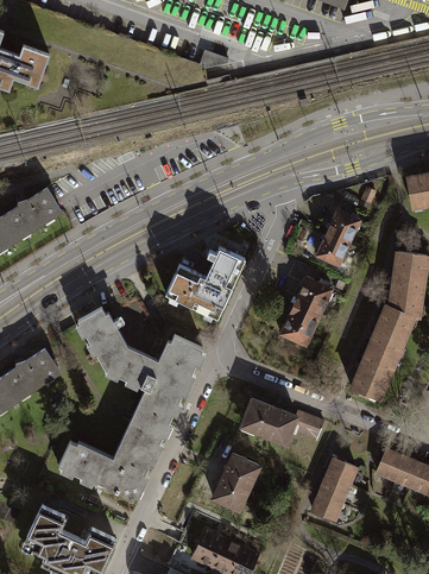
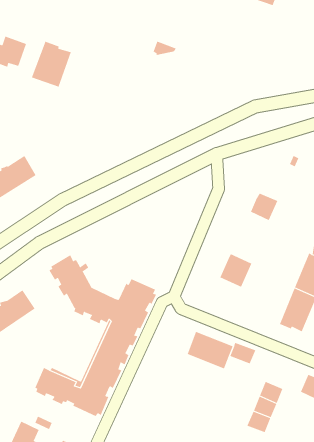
building: none -> [31,41,71,88]
building: [327,210,359,242] -> none
building: [165,246,245,318] -> none
building: [292,277,332,317] -> none
building: [212,454,259,510] -> none

